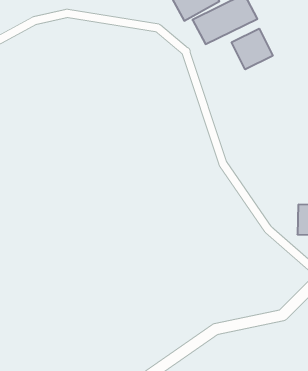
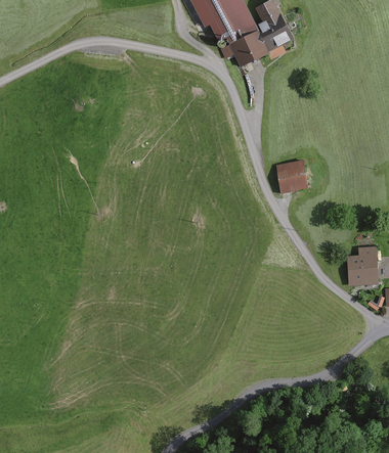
building: [232,29,273,69] -> none
building: none -> [271,161,308,194]

